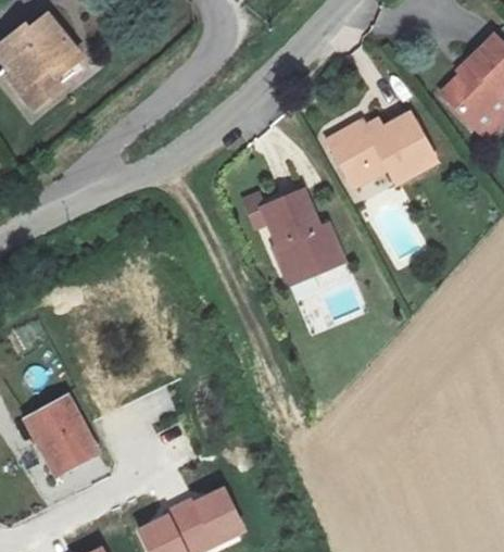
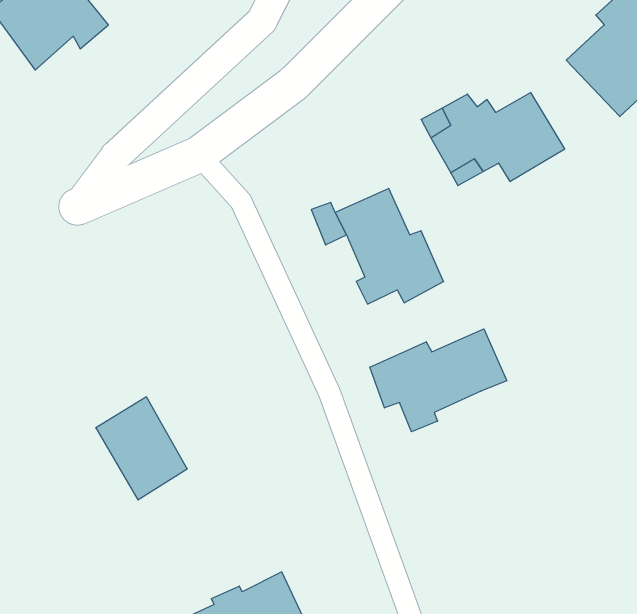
building: none -> [370,329,507,432]
building: [26,394,97,474] -> [96,397,187,500]

